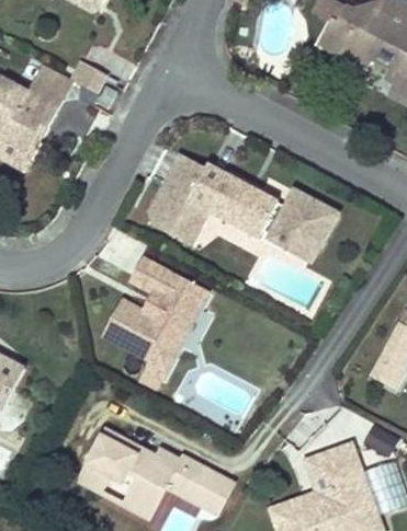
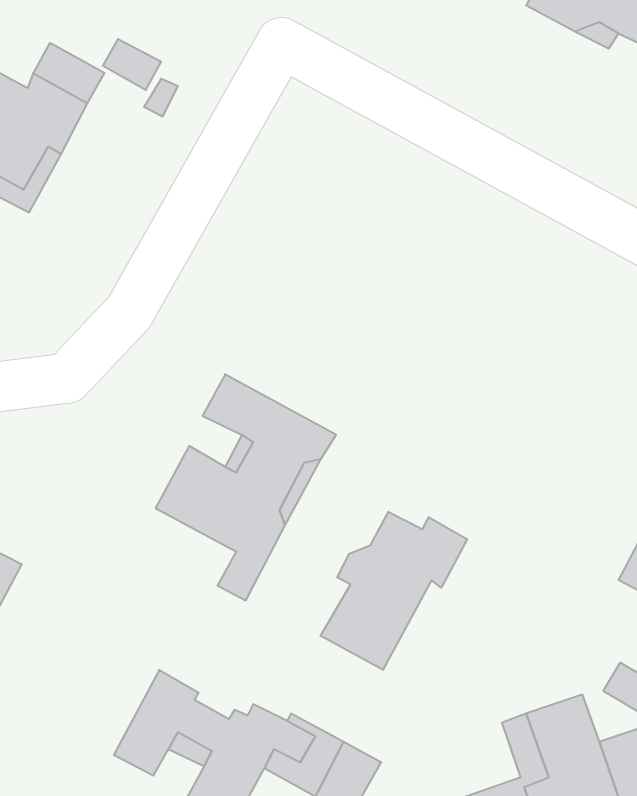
building: [145,153,333,257] -> none
building: none -> [321,512,467,670]

